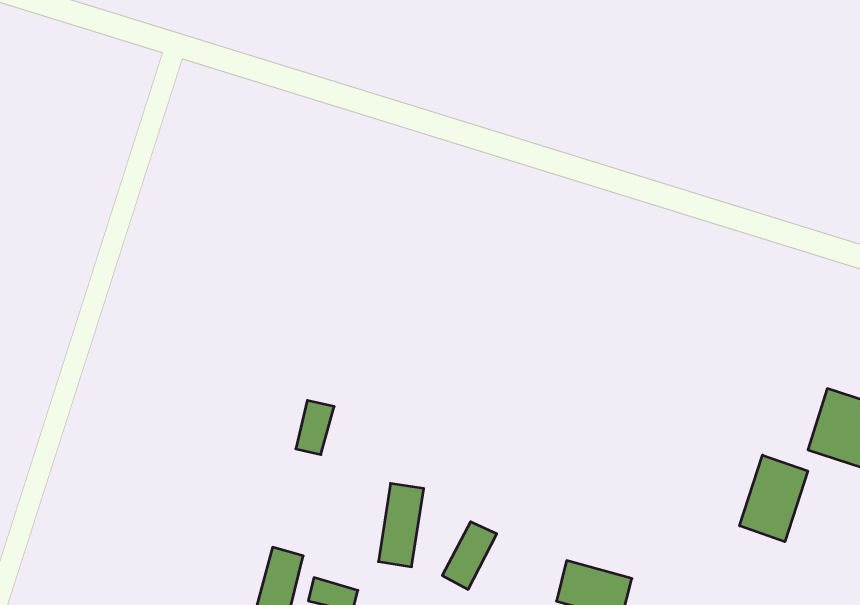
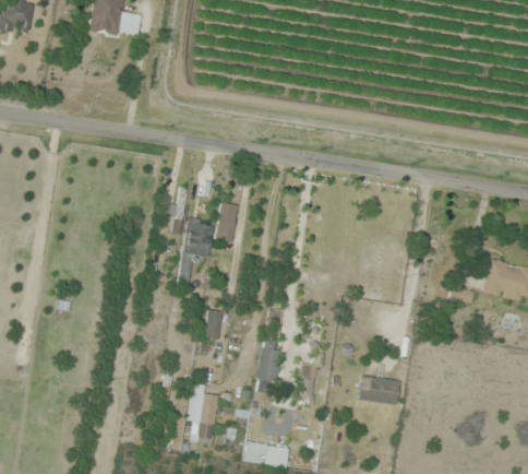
building: none -> [216,202,237,240]
building: none -> [178,217,213,285]
building: [740,455,808,542] -> none

